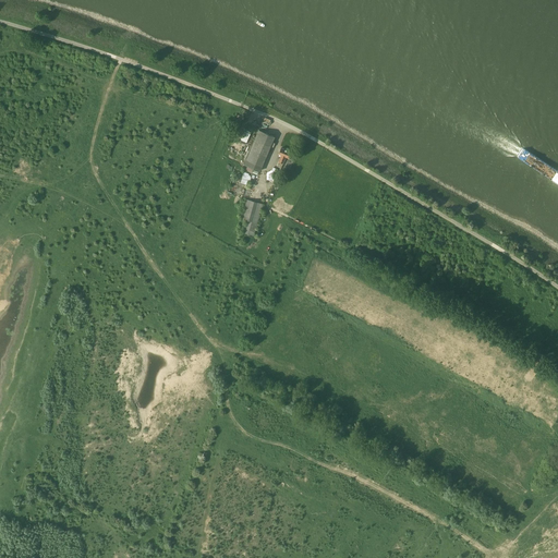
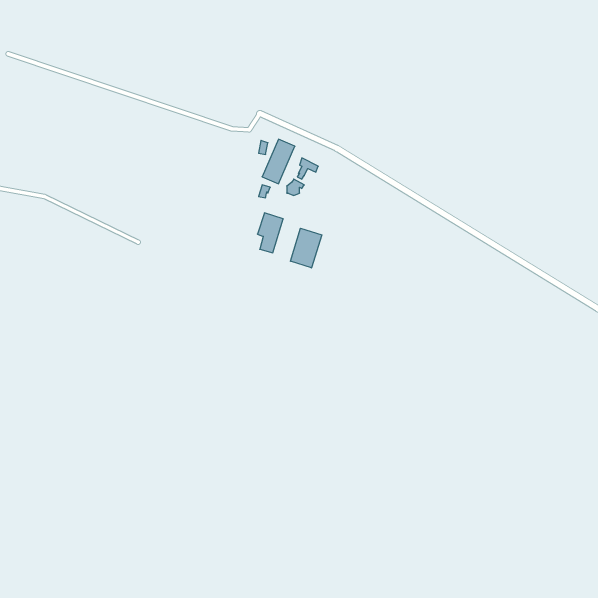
building: none -> [290,228,322,268]

